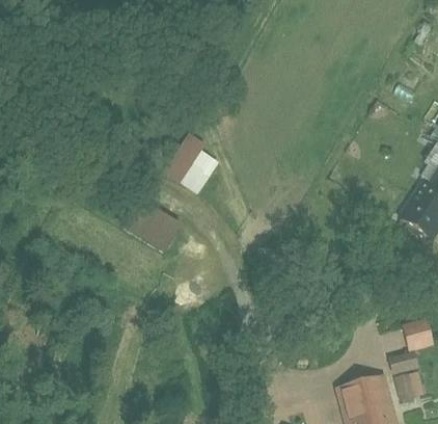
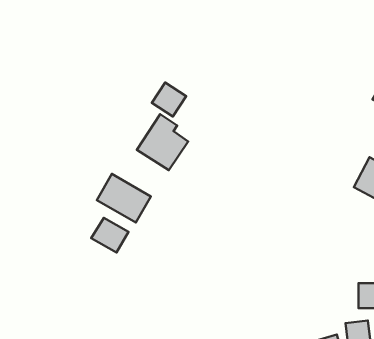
building: none -> [152,82,186,116]
building: none -> [91,218,128,253]

